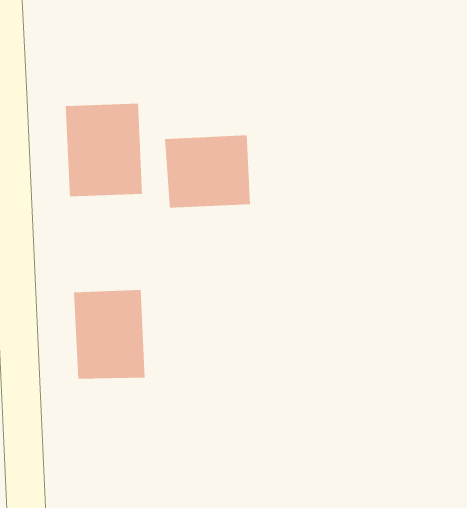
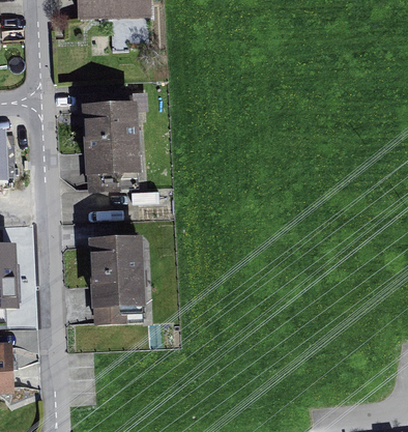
building: [164,135,251,209] -> none

